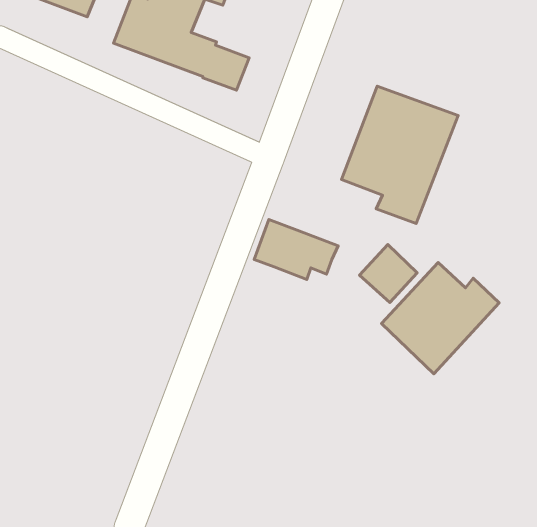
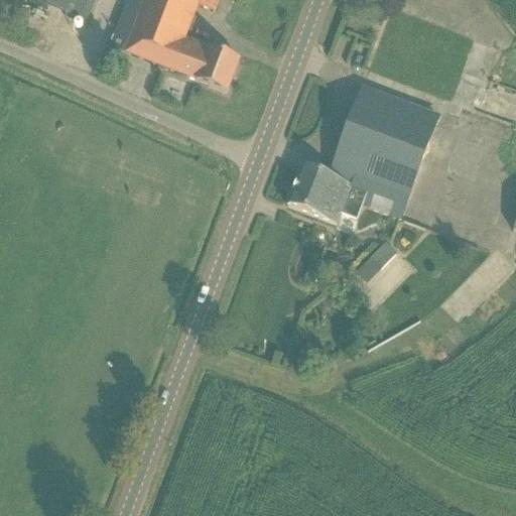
building: [254,220,338,279] -> [286,162,367,220]
building: [381,263,499,374] -> none

